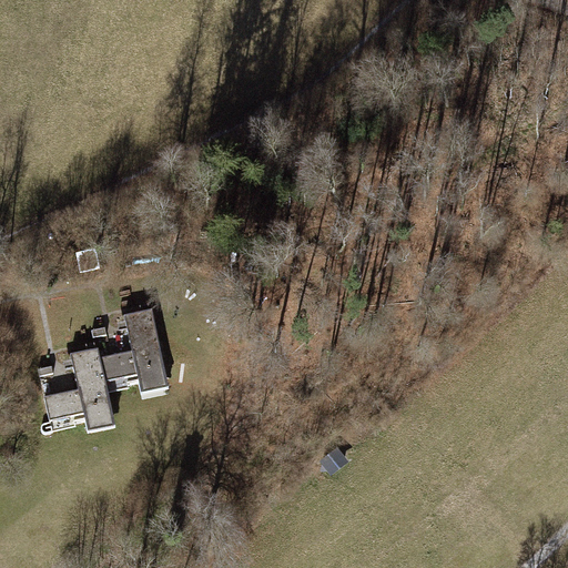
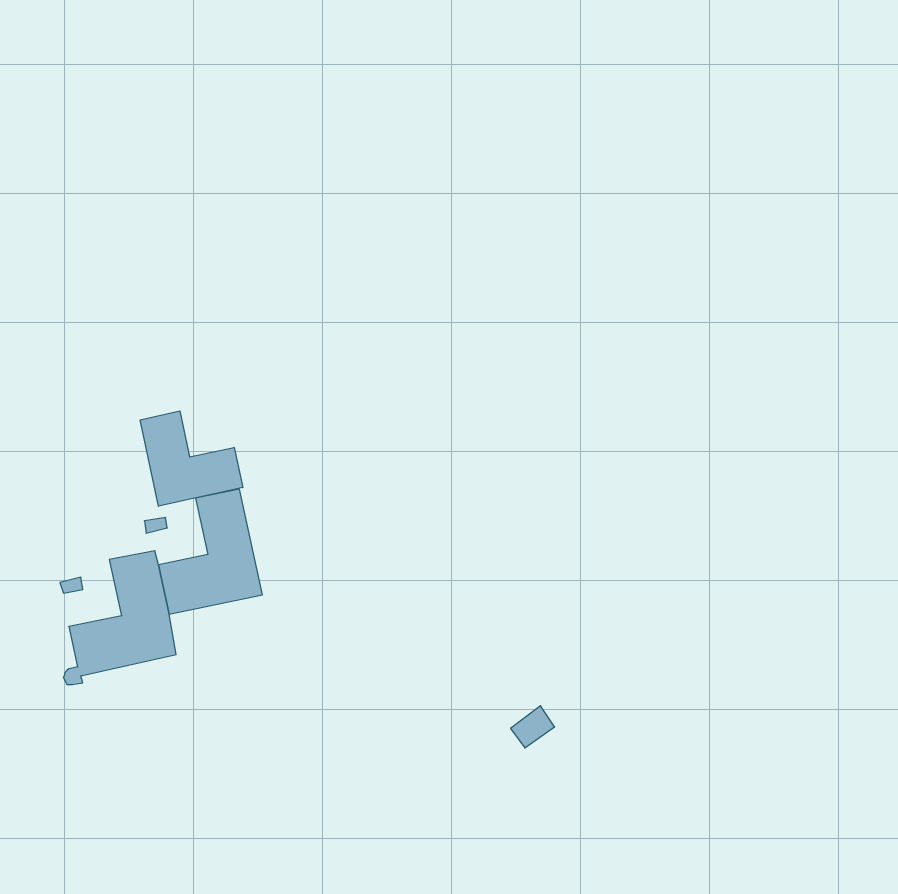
building: none -> [140,411,243,506]

